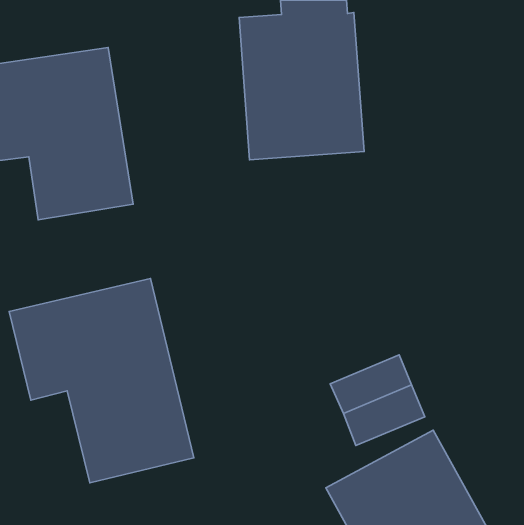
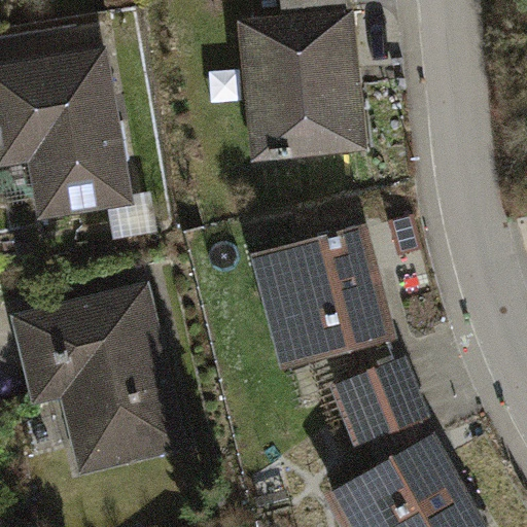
building: none -> [253,219,393,365]

